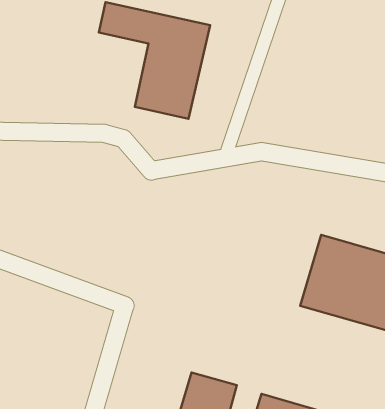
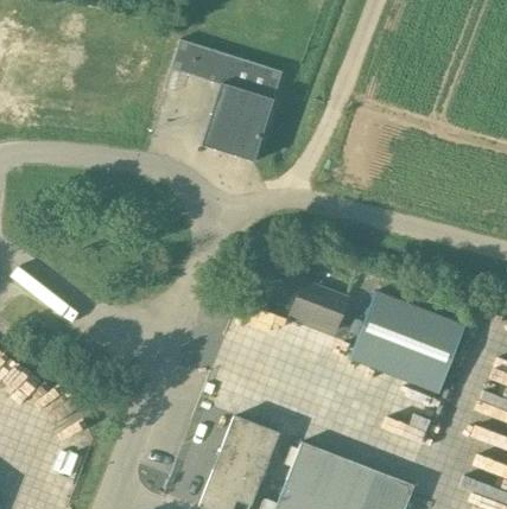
building: none -> [291,280,347,331]

